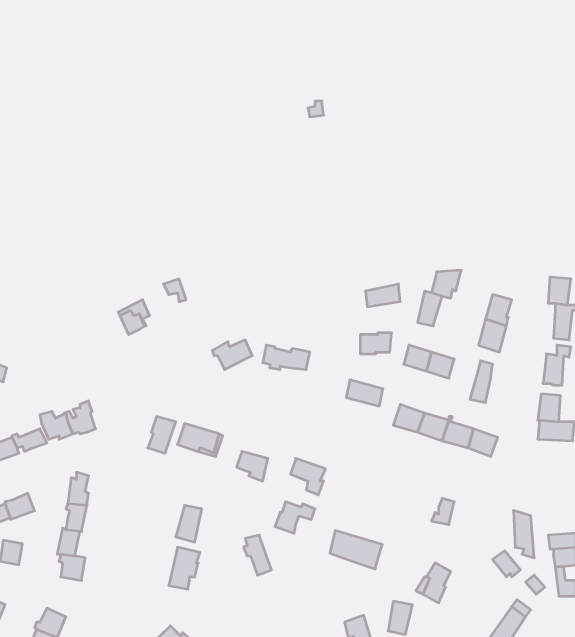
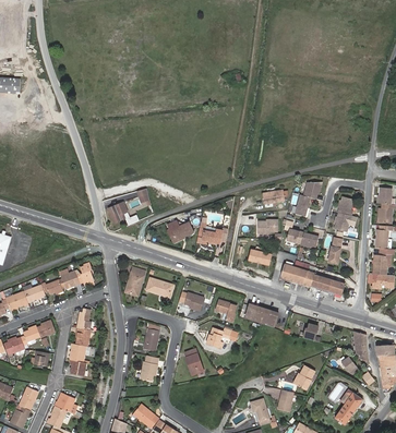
building: [330,531,382,569] -> [244,304,277,328]

